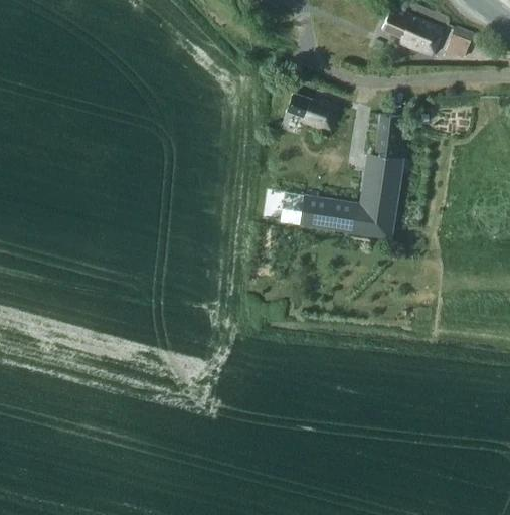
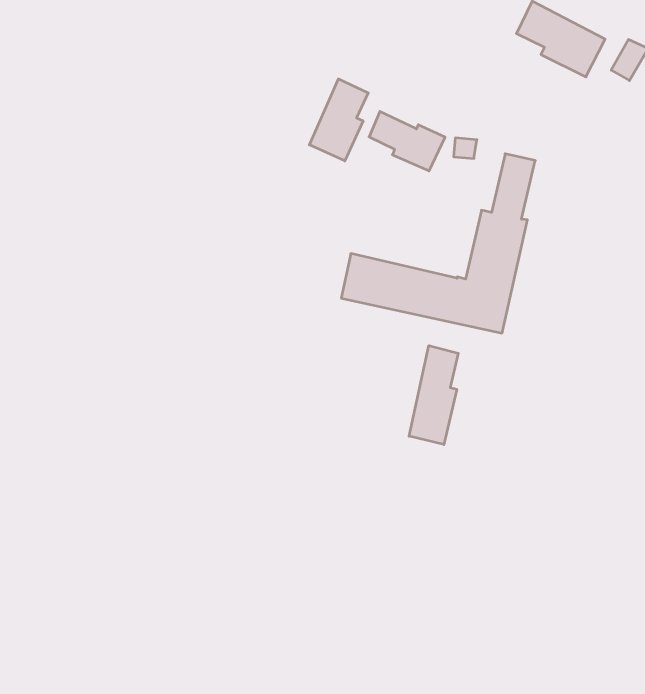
building: none -> [309,79,368,161]
building: none -> [409,346,458,445]

